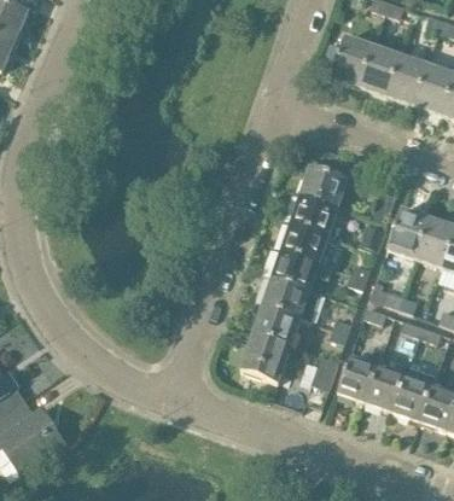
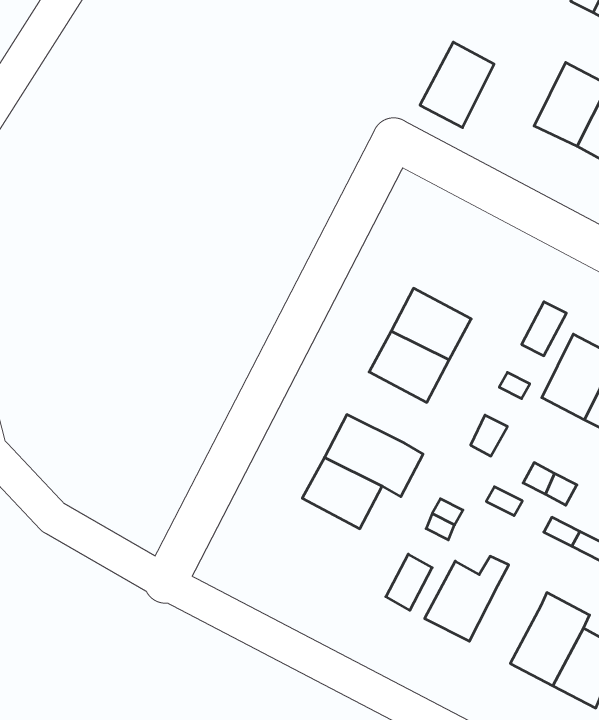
building: [331,36,372,87] -> [420,42,494,128]
building: [301,168,348,209] -> none
building: [272,250,331,290] -> none
building: [240,332,290,383] -> none
building: [366,367,406,413] -> none

